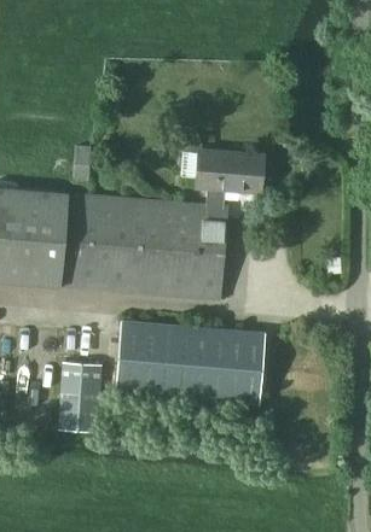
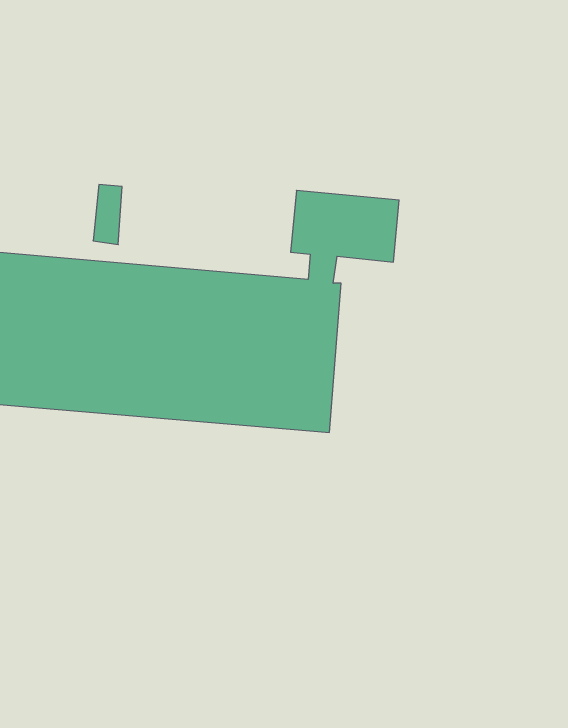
building: [116,321,266,404] -> none
building: [62,361,103,432] -> none

